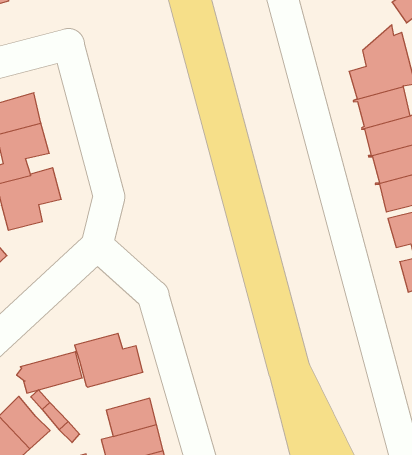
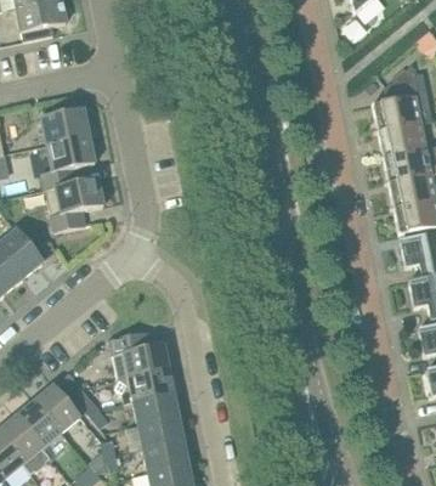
building: [17,352,82,393] -> [114,367,174,402]

